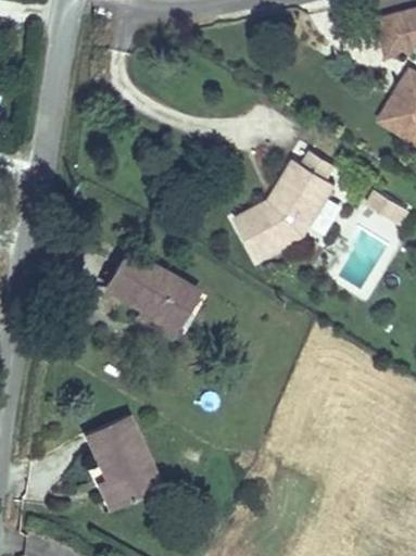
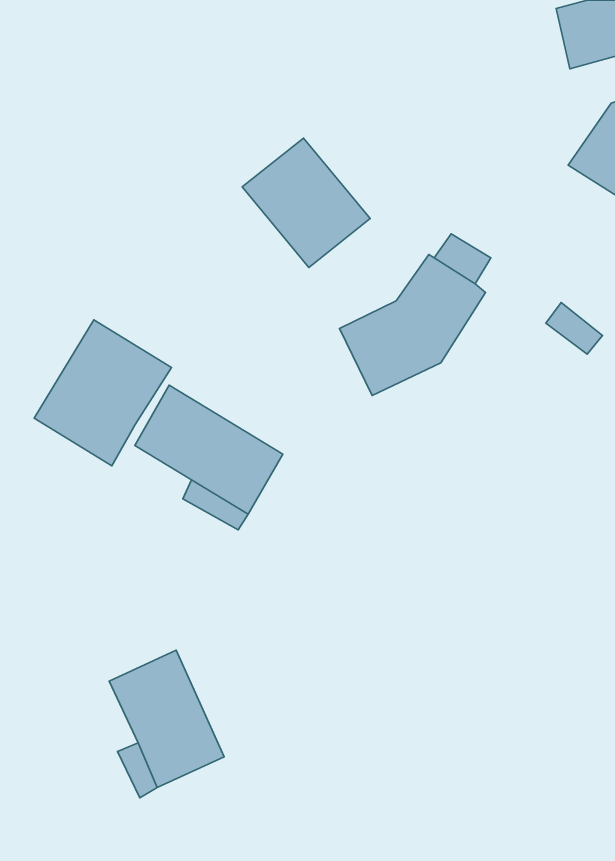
building: none -> [242,138,370,267]
building: none -> [34,320,171,466]

